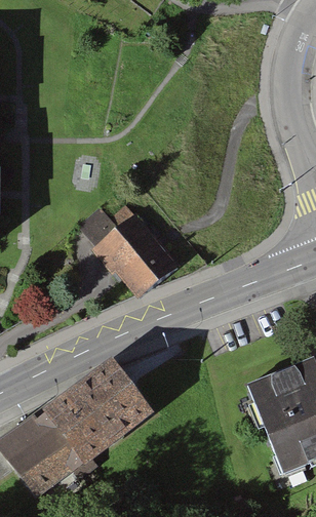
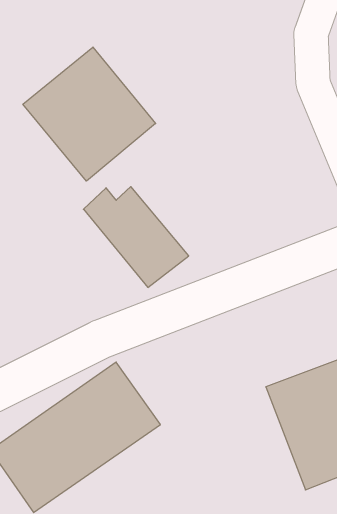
building: none -> [23,47,156,181]

